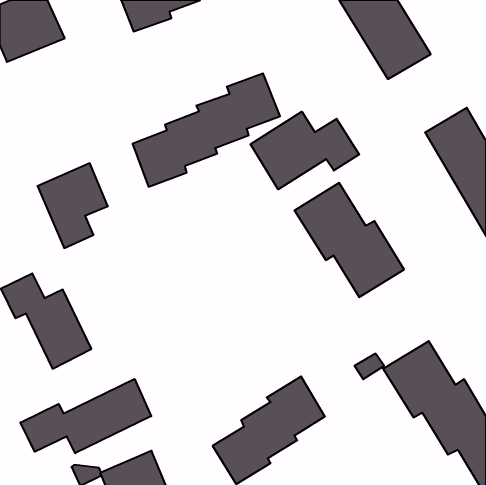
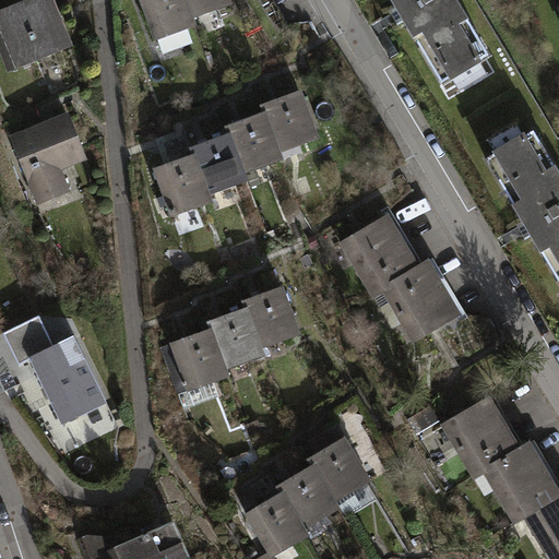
building: [251,112,359,189] -> none
building: [37,163,108,248] -> [7,110,87,207]
building: none -> [167,283,301,391]
building: [20,379,151,453] -> none

